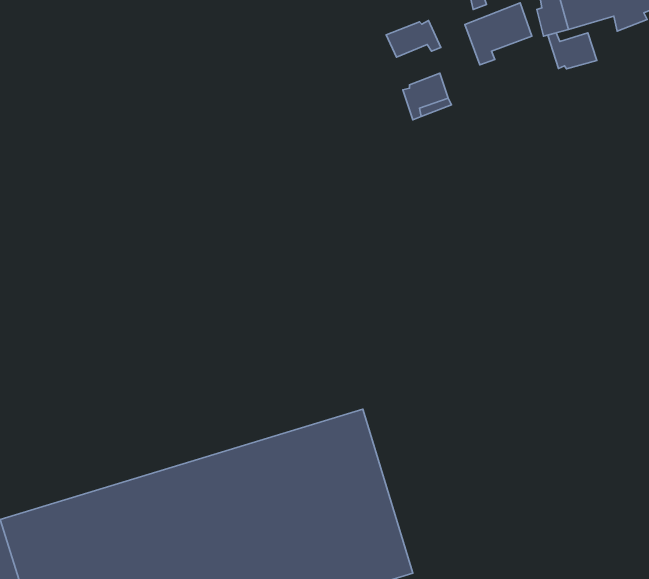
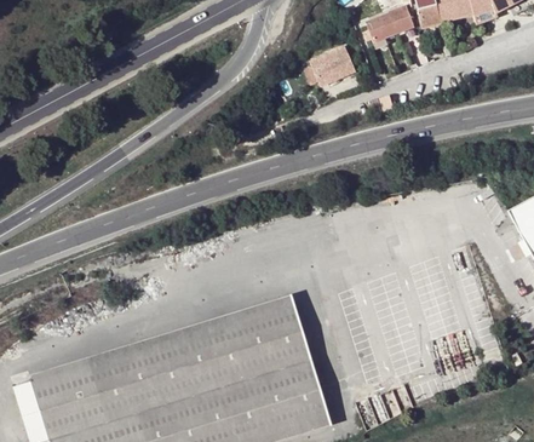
building: [386,21,441,57] -> none
building: [548,33,597,69] -> none

